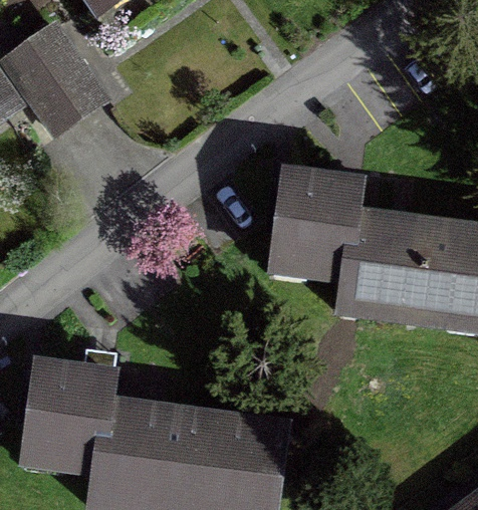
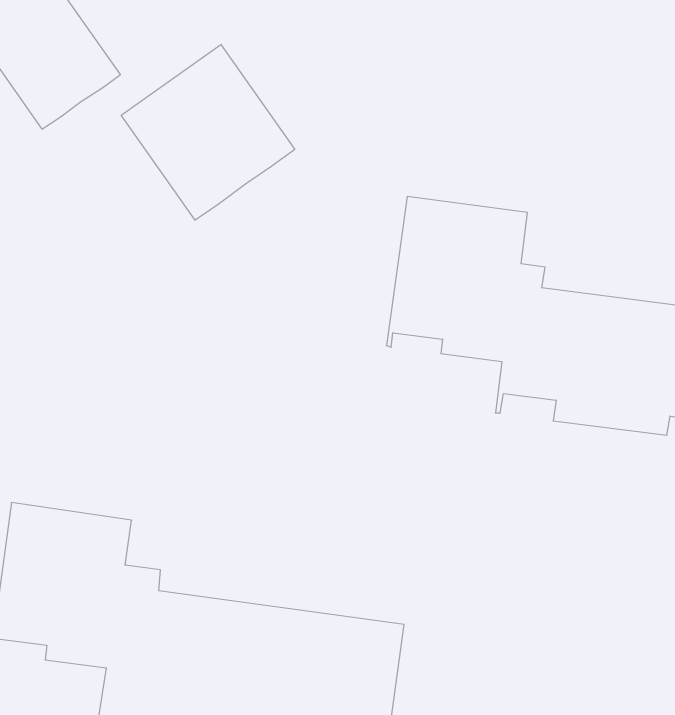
building: none -> [121,44,295,220]

